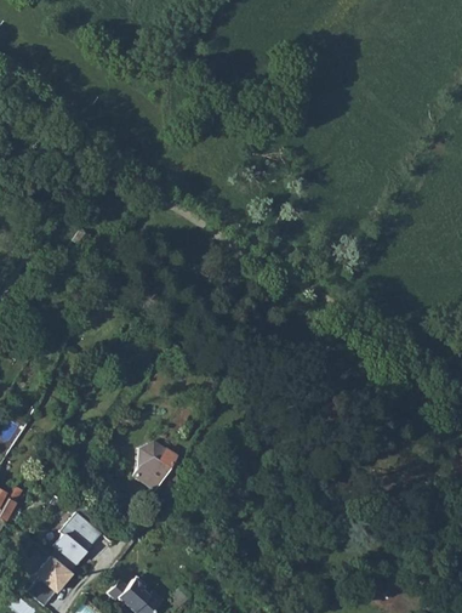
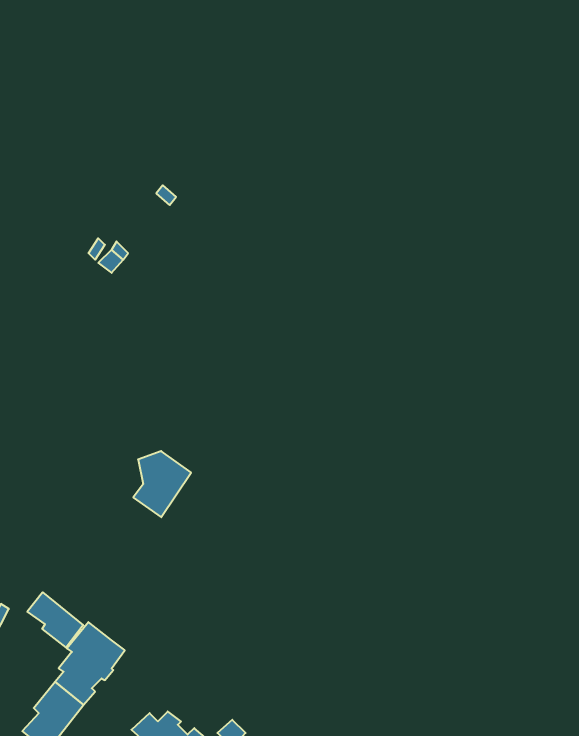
building: [131,439,173,488] -> [133,451,191,517]
building: none -> [27,592,83,648]

